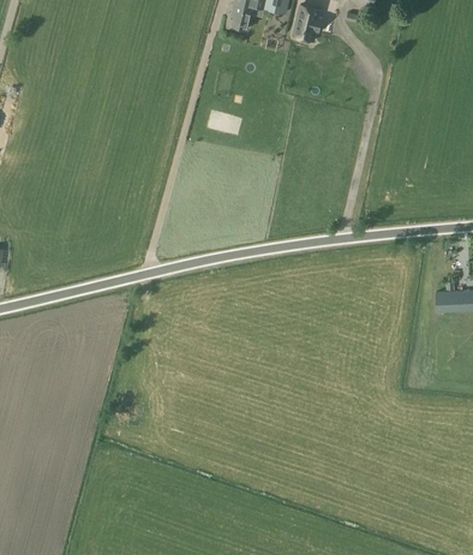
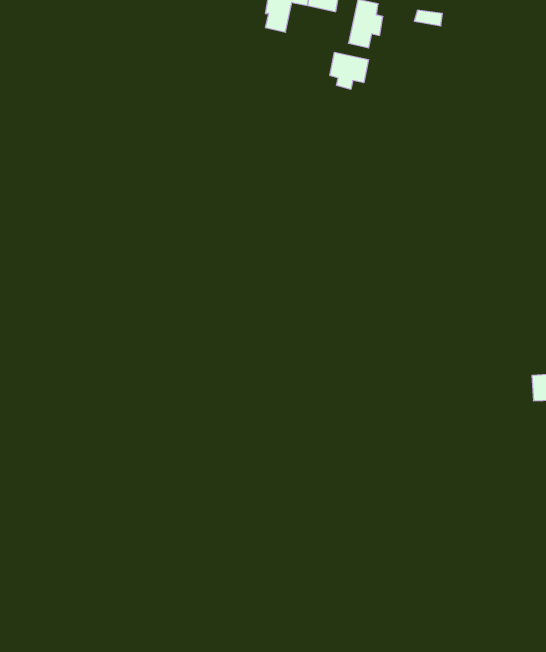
building: none -> [330,52,368,89]

